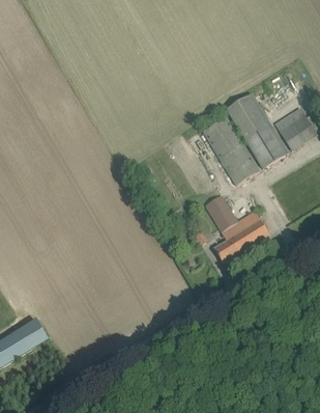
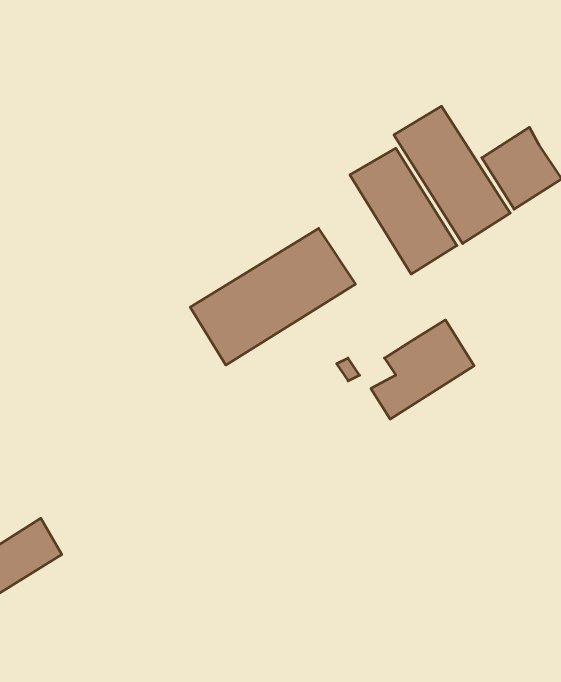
building: none -> [190,228,355,365]
building: [204,194,236,230] -> none

